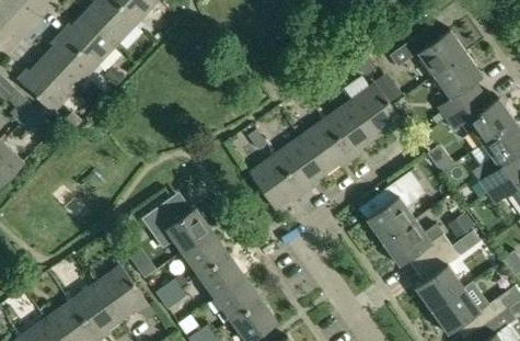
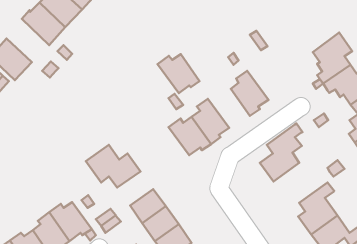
building: [388,29,466,77] -> none
building: [39,34,94,90] -> none
building: [348,82,403,138] -> none
building: [298,124,351,174] -> [158,54,199,93]
building: [382,219,451,271] -> none
building: [182,230,228,274] -> none

